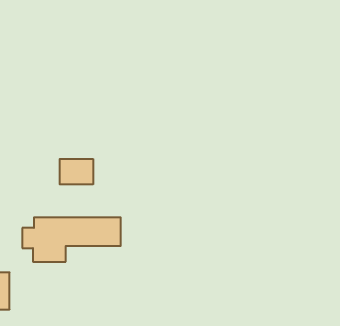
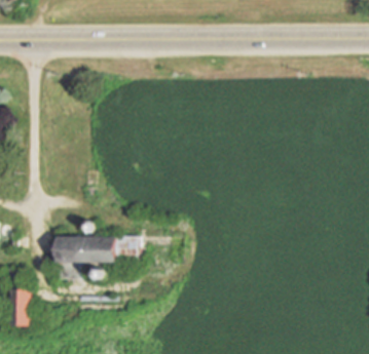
building: [60,159,93,184] -> none

